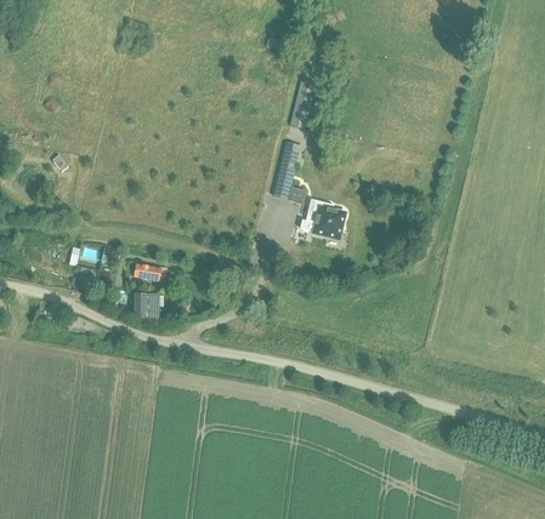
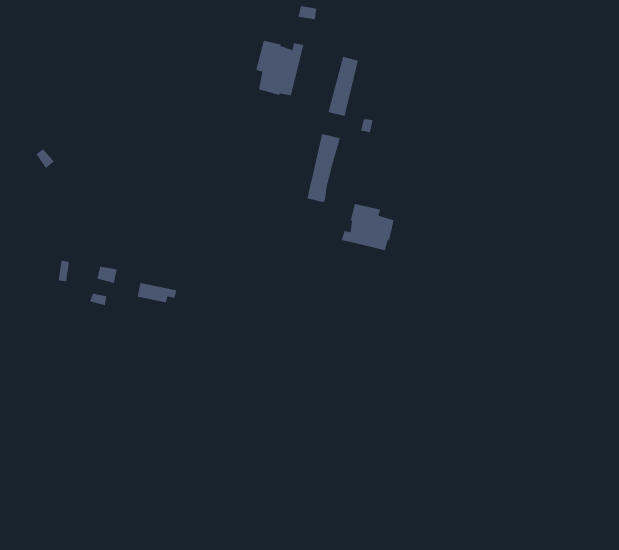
building: none -> [255,40,304,96]
building: [134,292,159,320] -> none

